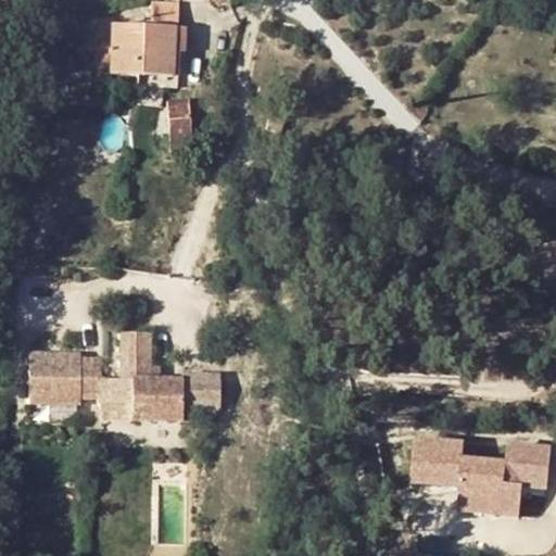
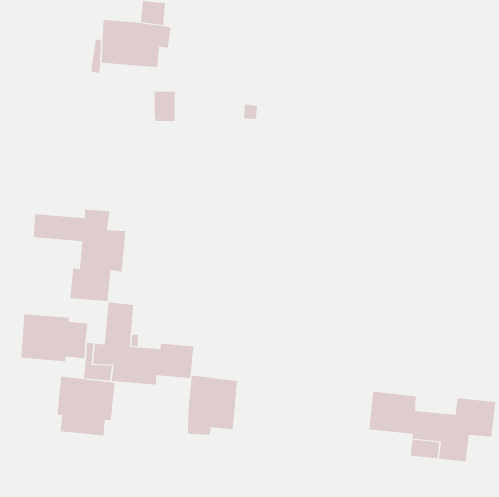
building: none -> [33,209,126,302]
building: none -> [187,375,237,436]
building: none -> [57,376,115,437]

